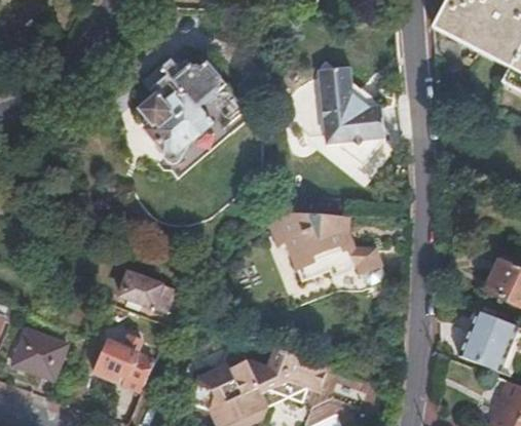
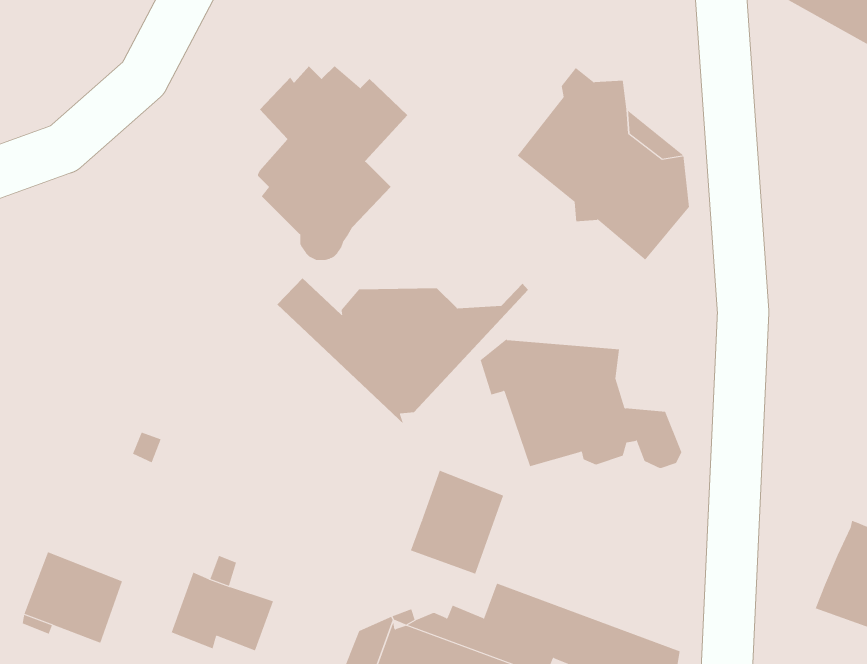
building: none -> [277,277,529,425]
building: [123,273,178,313] -> none
building: none -> [410,470,504,575]

